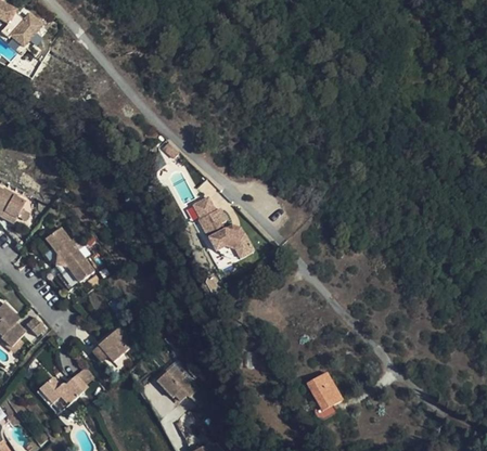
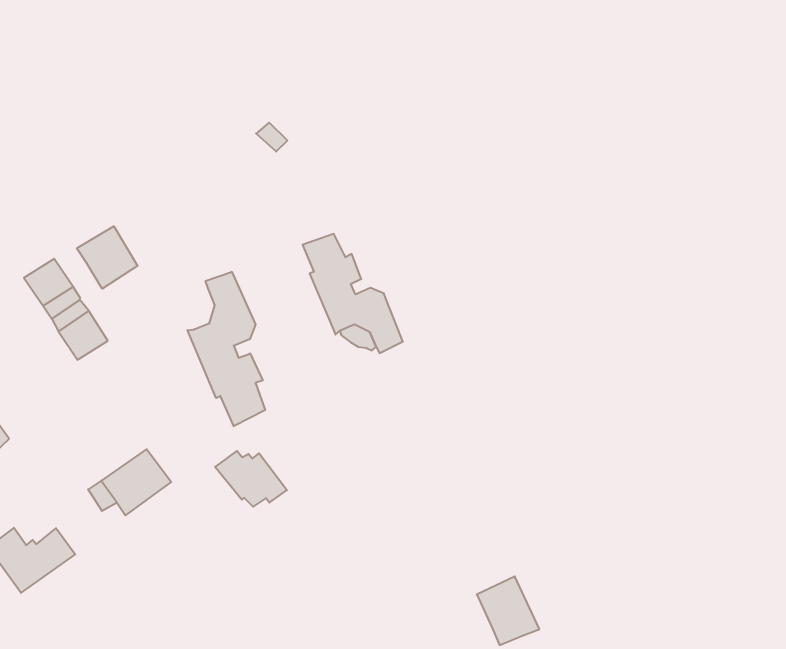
building: none -> [77,226,138,289]
building: none -> [188,272,265,426]
building: [154,371,194,400] -> [215,451,287,507]

